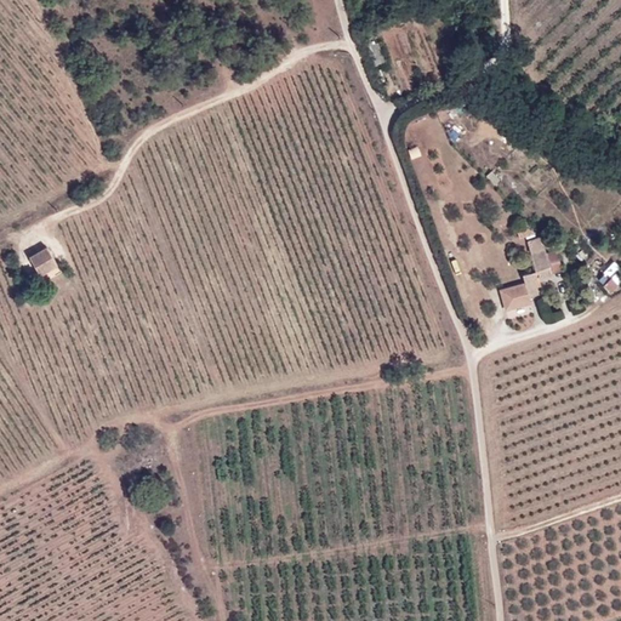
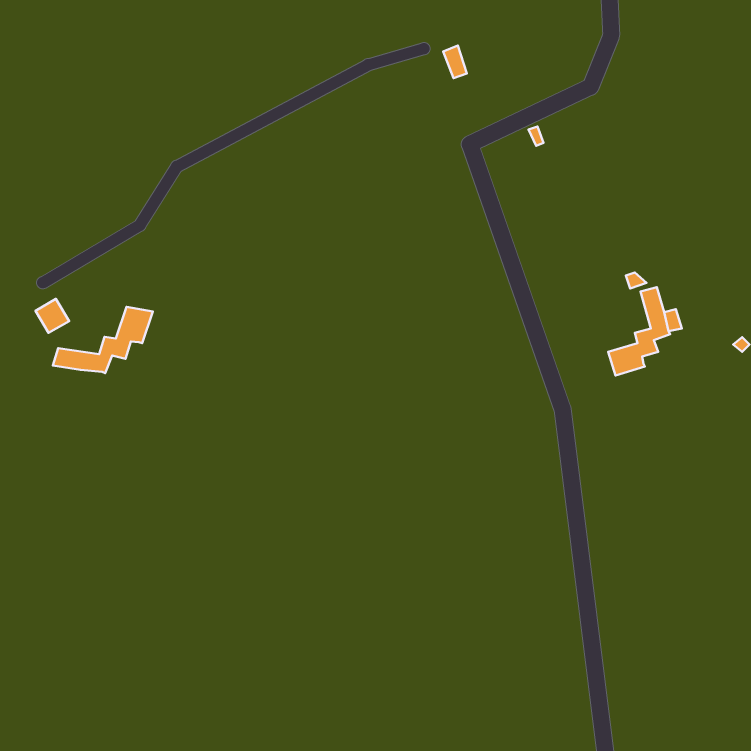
building: none -> [53,307,153,373]

